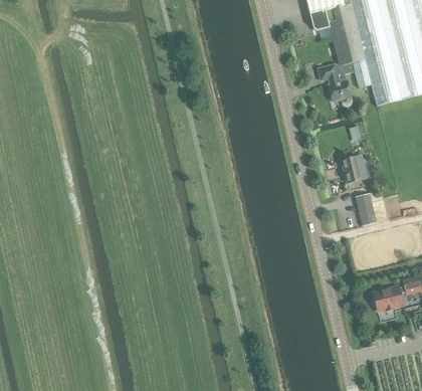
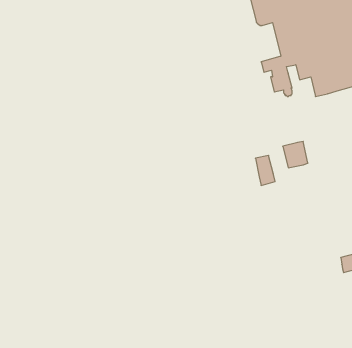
building: [356,193,377,225] -> [255,155,275,185]
building: [372,285,405,310] -> none

